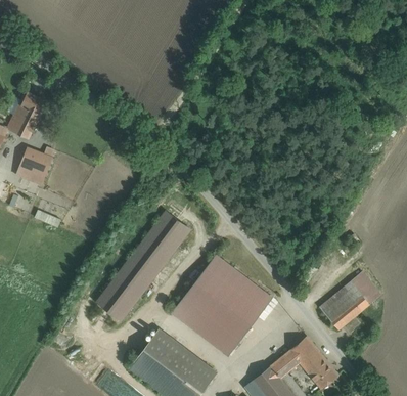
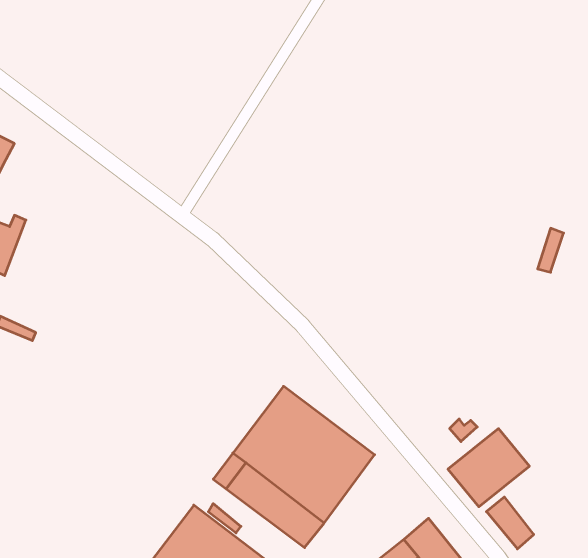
building: [96,208,188,323] -> none
building: [350,272,379,305] -> [486,497,534,549]

